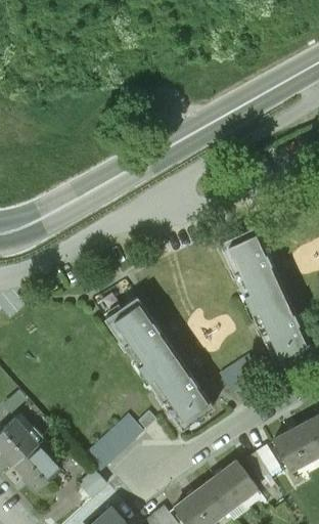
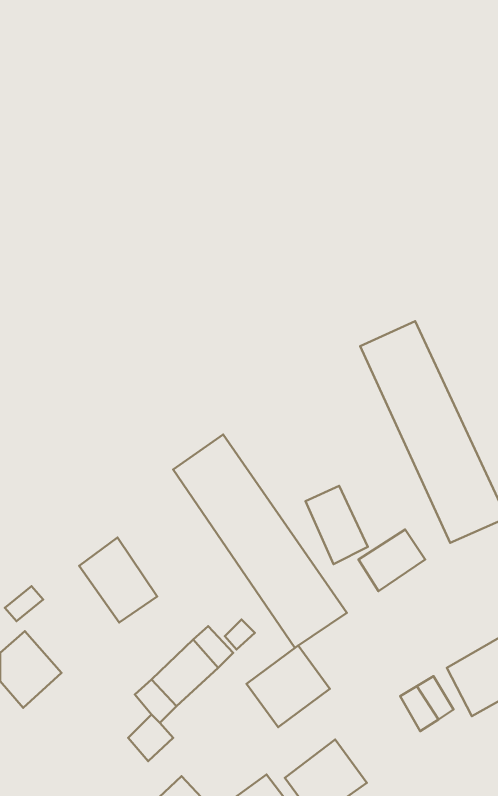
building: none -> [305,486,368,564]
building: none -> [79,537,157,623]
building: [14,444,60,491] -> none
building: [206,462,257,512] -> [247,646,330,727]

